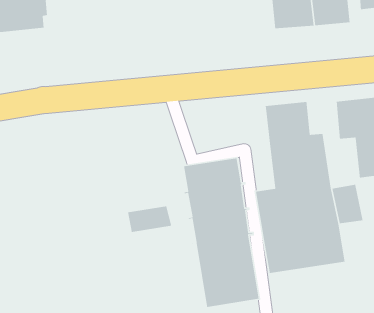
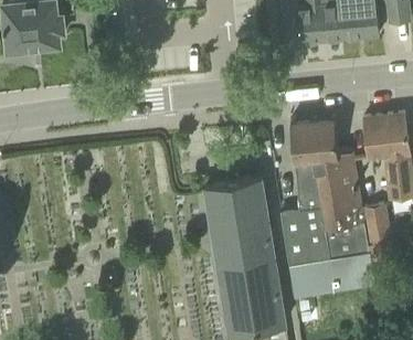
building: [127,205,172,233] -> none

